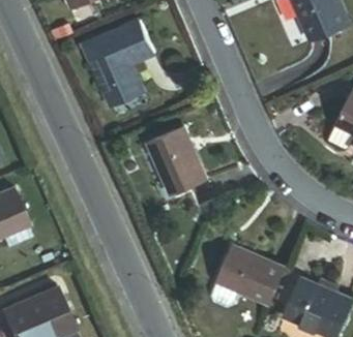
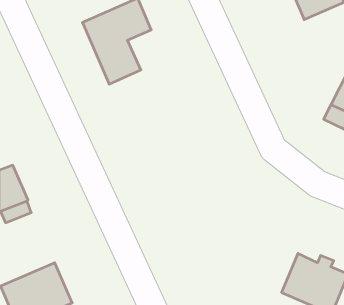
building: [148,127,206,196] -> none
building: [216,246,285,304] -> none

